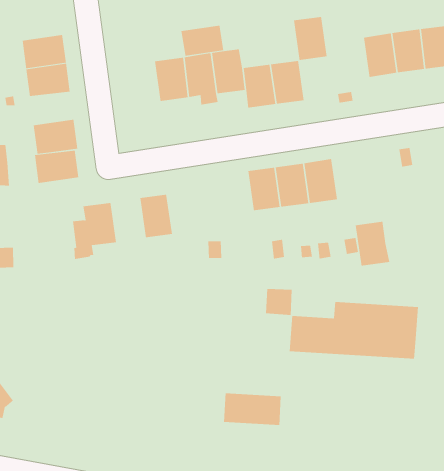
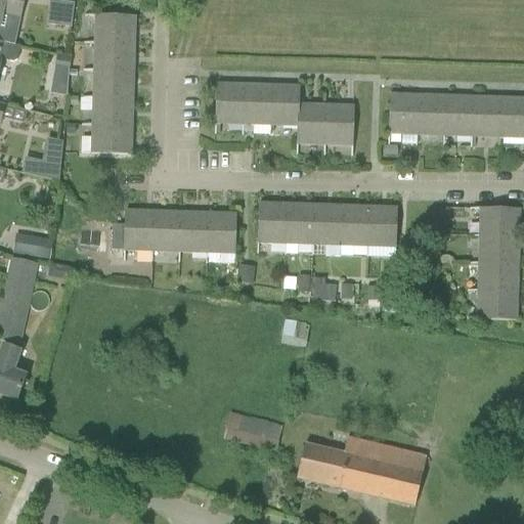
building: none -> [95,13,136,43]
building: [293,17,327,60] -> [390,93,419,133]
building: [181,25,224,57] -> none
building: [34,150,79,184] -> [92,96,133,125]
building: none -> [258,202,288,241]
building: none -> [207,211,236,251]
building: none -> [152,210,181,249]
building: [355,221,390,266] -> [368,204,397,245]
building: [289,302,419,359] -> [298,435,428,503]

